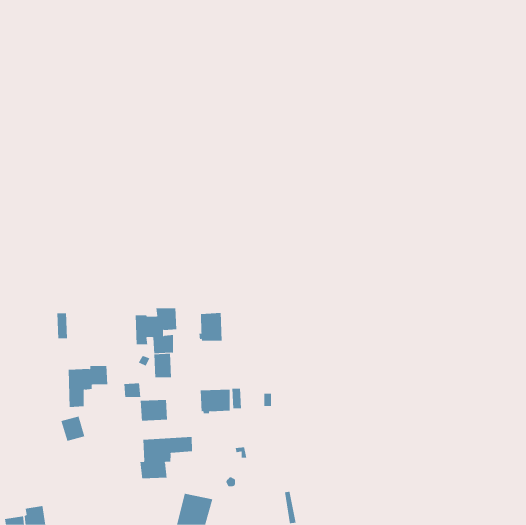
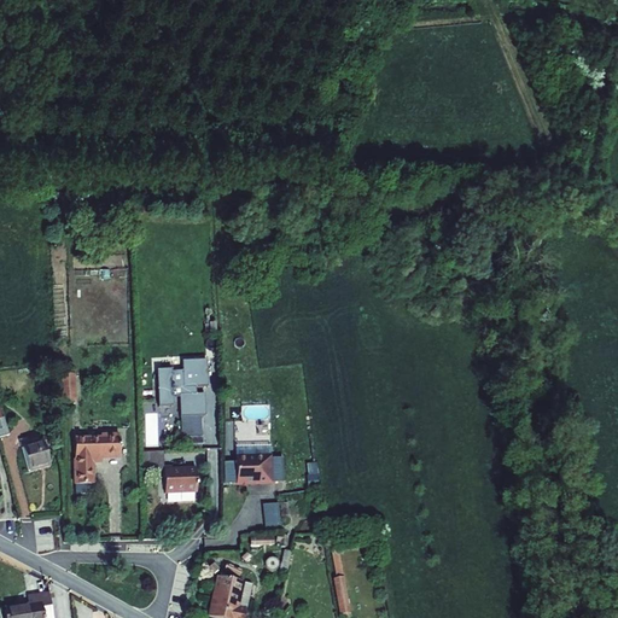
building: [199,312,222,342] -> none
building: [61,416,85,442] -> [22,441,51,471]
building: [140,436,192,479] -> none

